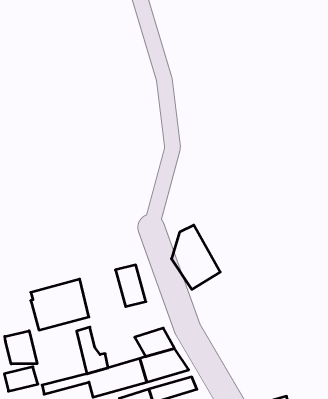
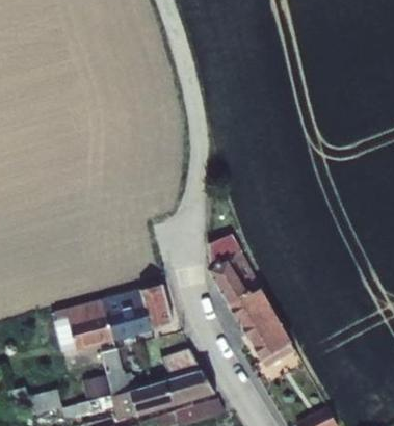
building: none -> [113,287,160,335]
building: none -> [228,289,291,365]
building: [5,331,37,364] -> none

